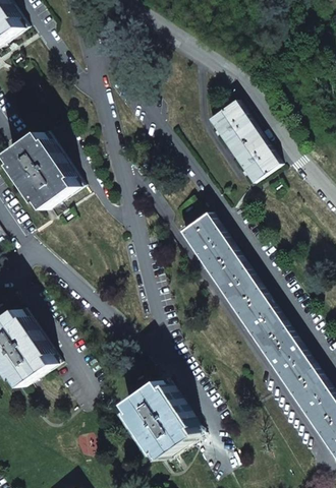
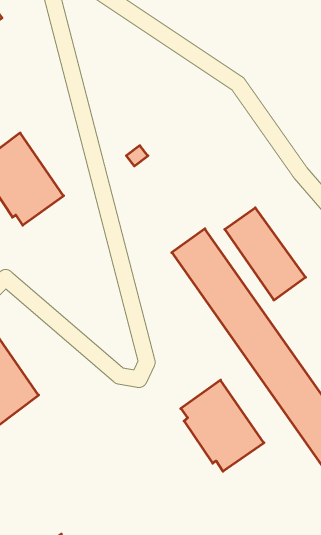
building: [206,101,278,183] -> [225,208,306,300]
building: [123,379,198,461] -> [181,380,264,471]

